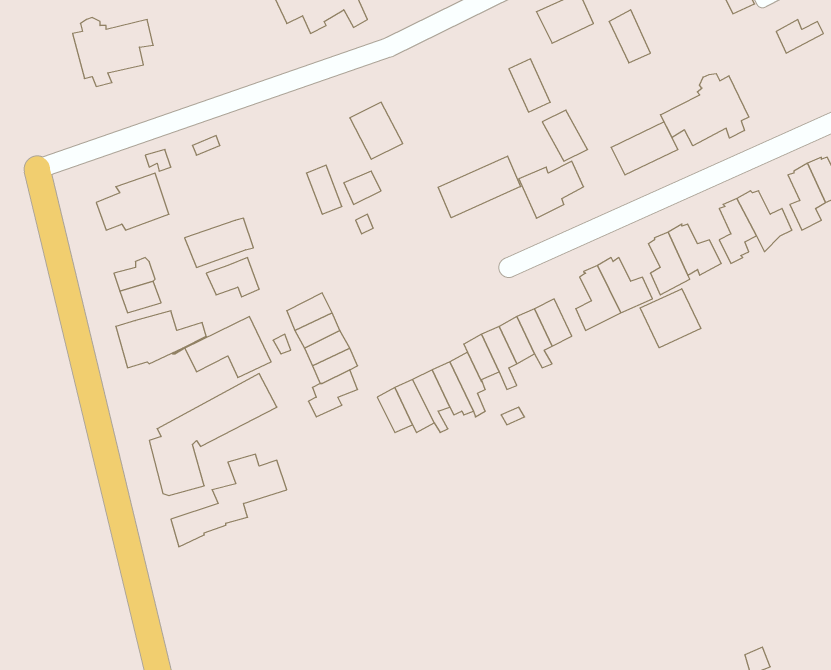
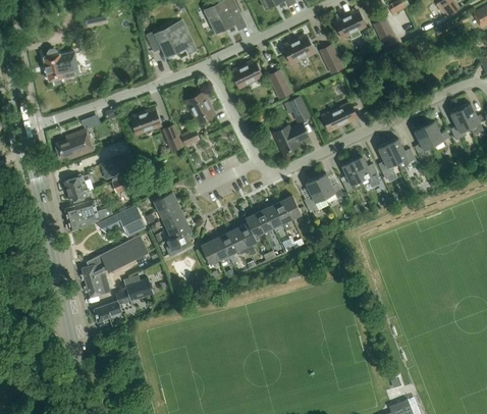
building: none -> [231,60,262,88]
building: [660,74,749,146] -> none
building: none -> [131,109,160,134]
building: [438,156,521,218] -> none
building: [640,289,701,348] -> none

